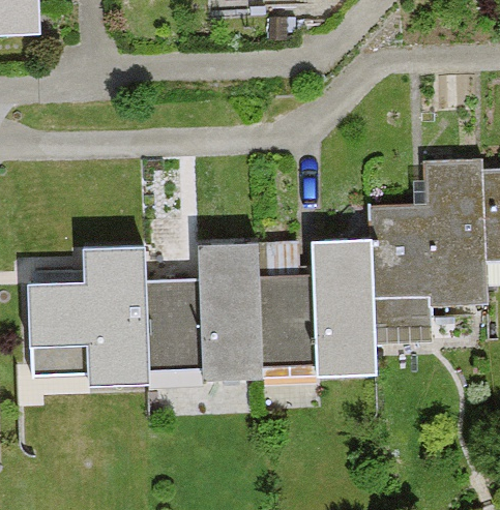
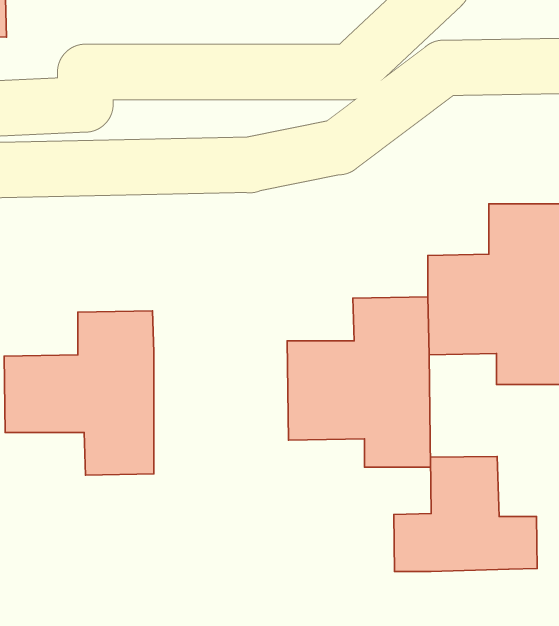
building: [152,247,260,380] -> none
building: none -> [394,456,537,572]

